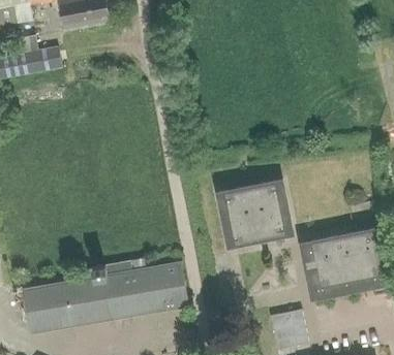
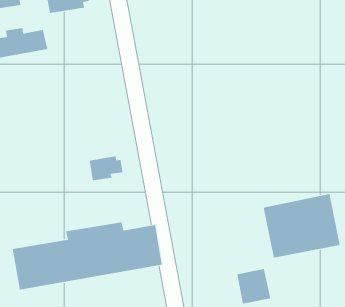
building: [216,179,293,247] -> none
building: none -> [89,155,123,181]

